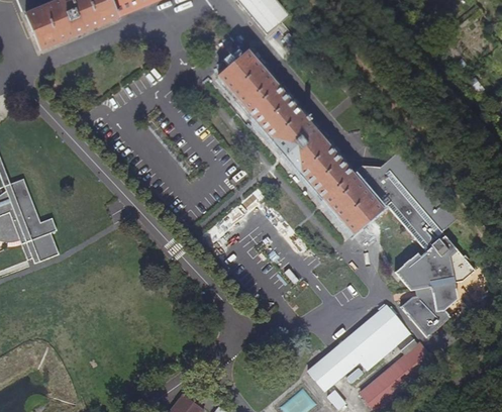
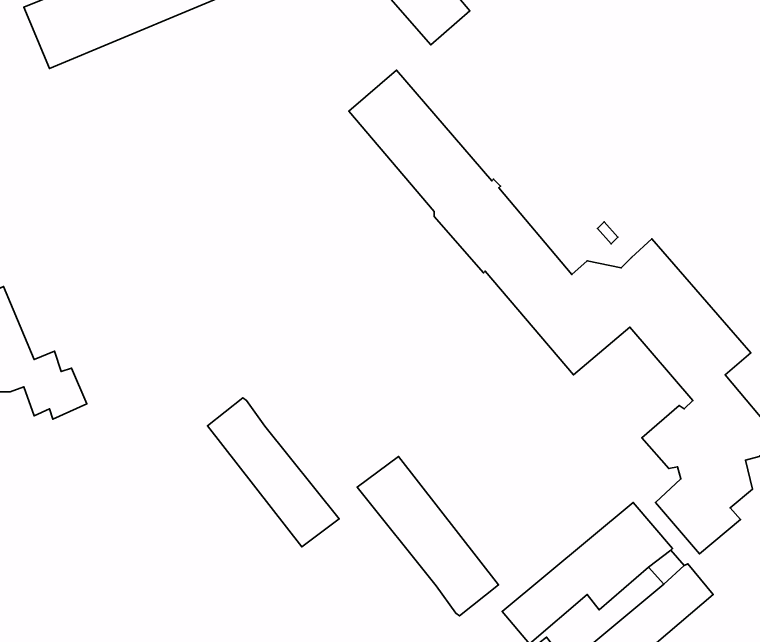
building: none -> [207,398,339,547]
building: none -> [357,456,499,616]

